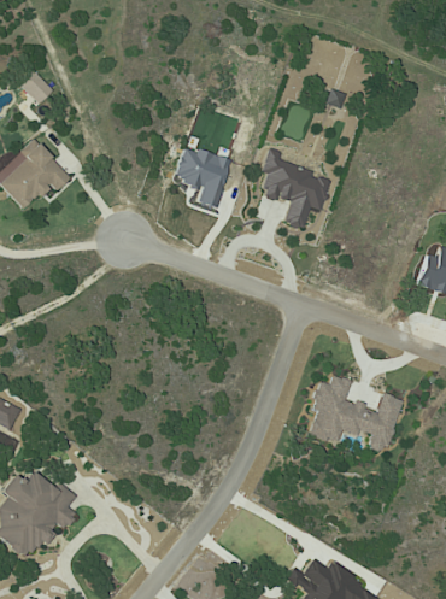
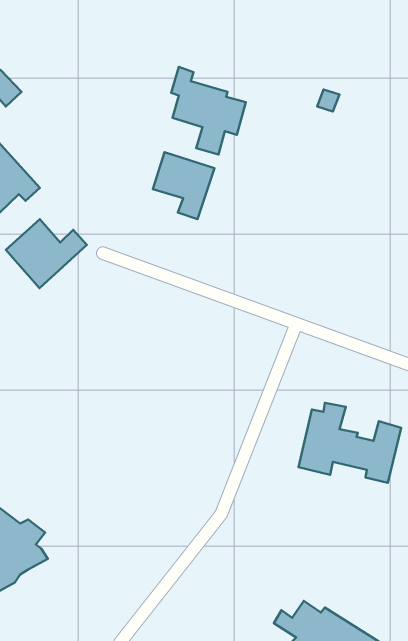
building: [260,147,329,228] -> [171,67,246,155]
building: none -> [6,219,87,288]

